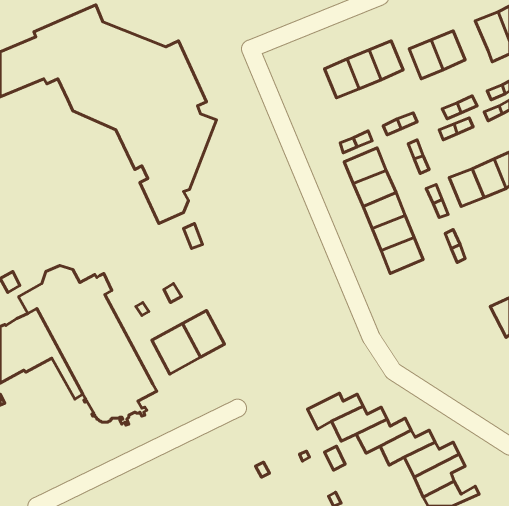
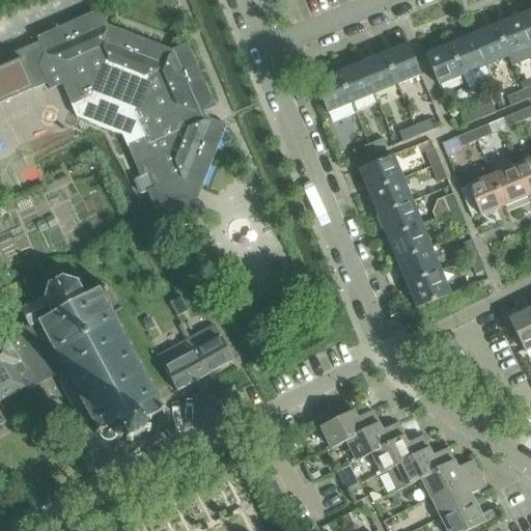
building: none -> [472,22,508,62]
building: none -> [315,72,351,111]
building: none -> [407,270,450,307]

